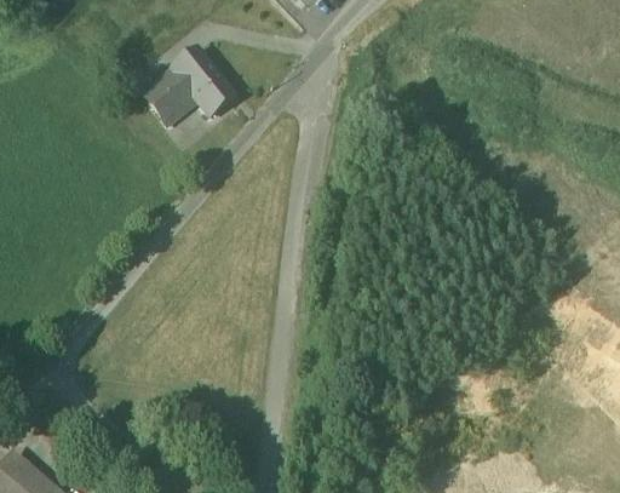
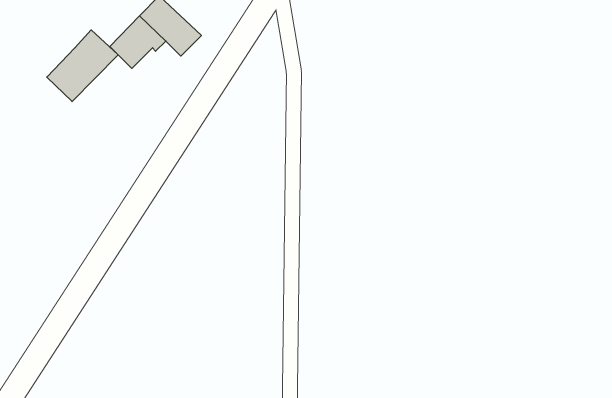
building: none -> [47,30,118,102]

